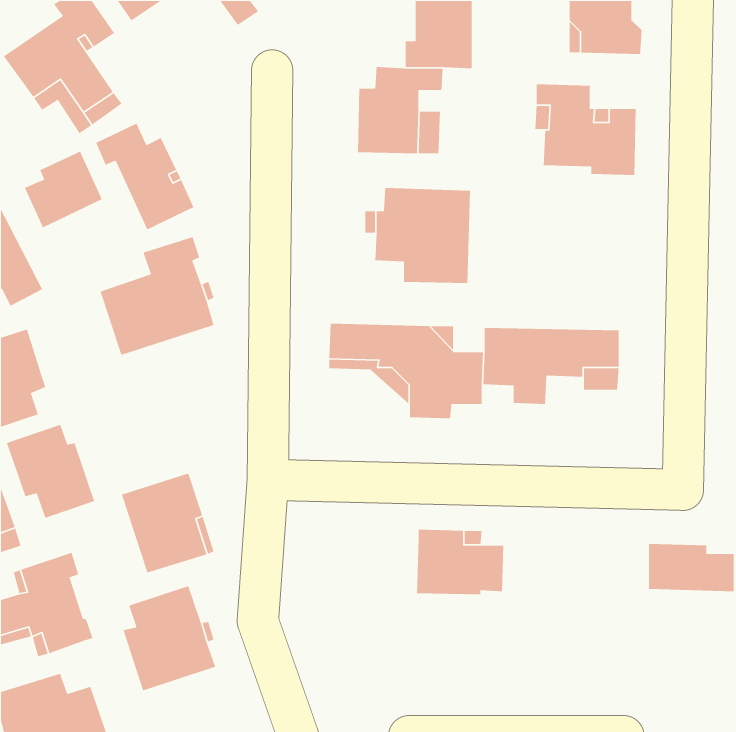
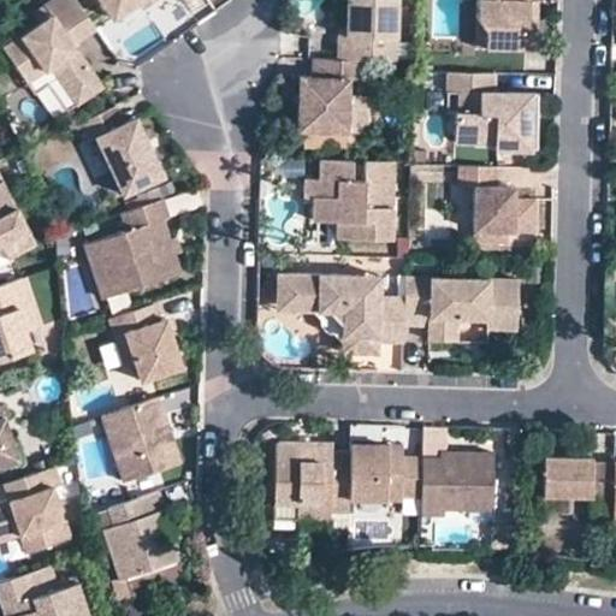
building: [24,151,103,229] -> none
building: none -> [458,166,535,244]
building: [6,424,95,519] -> [108,303,183,383]
building: none -> [273,442,349,531]
building: none -> [420,452,494,516]

